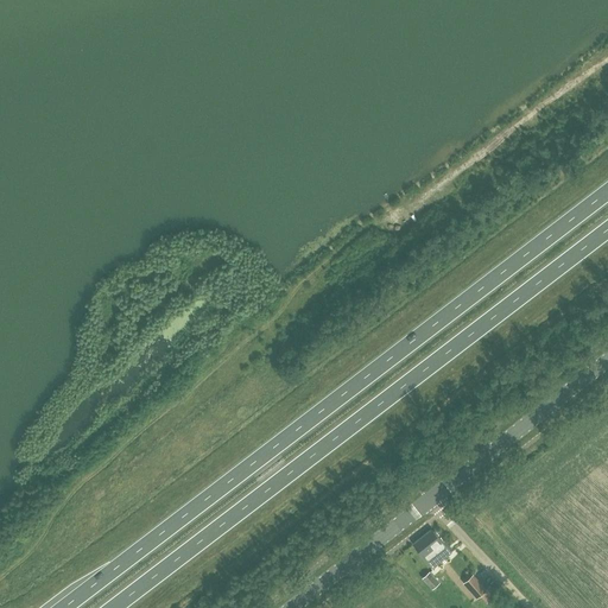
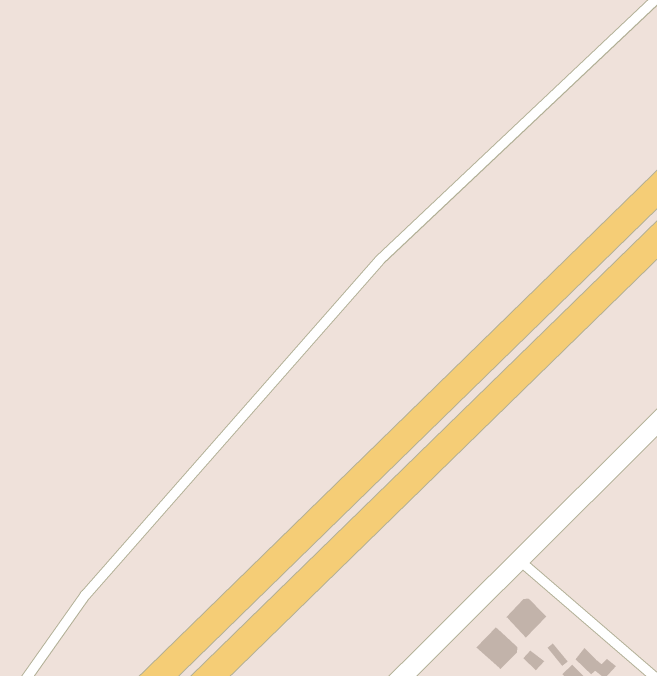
building: none -> [475,626,518,670]

